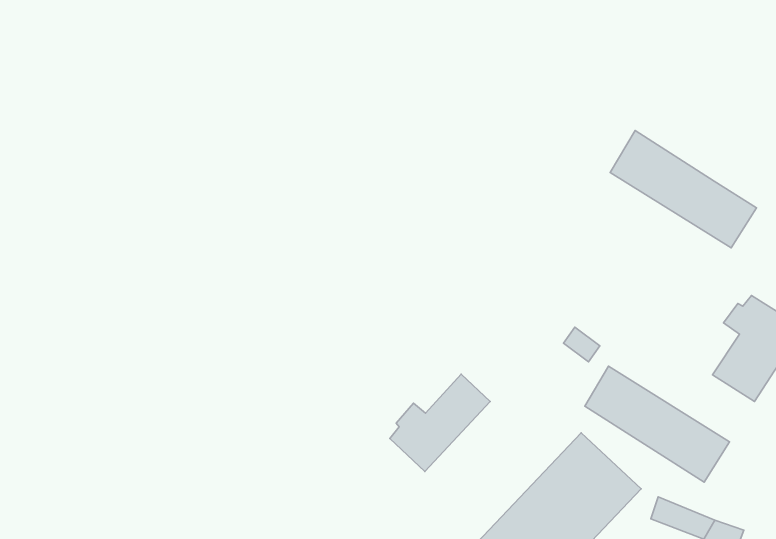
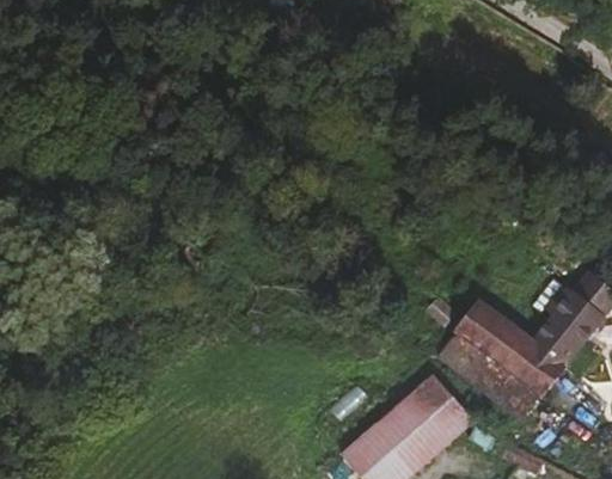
building: [610,130,756,248] -> [460,297,564,391]
building: [390,374,490,471] -> none

